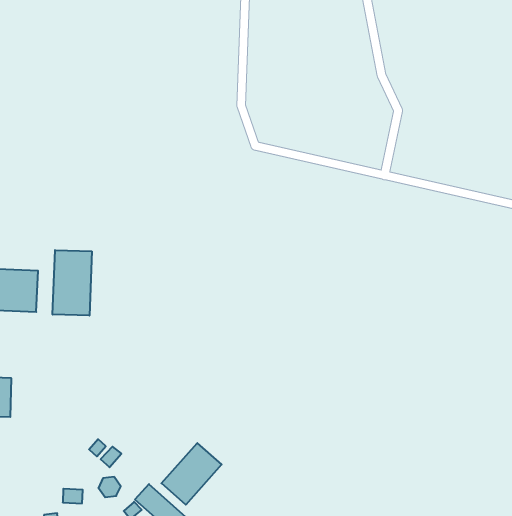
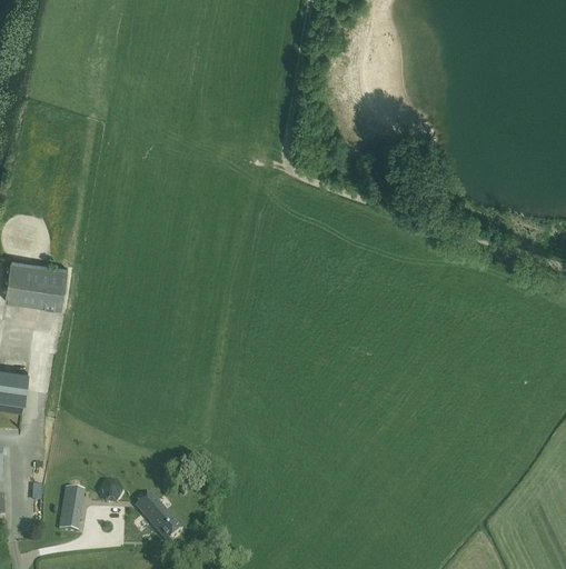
building: [53,250,92,316] -> none
building: [161,443,222,505] -> none

